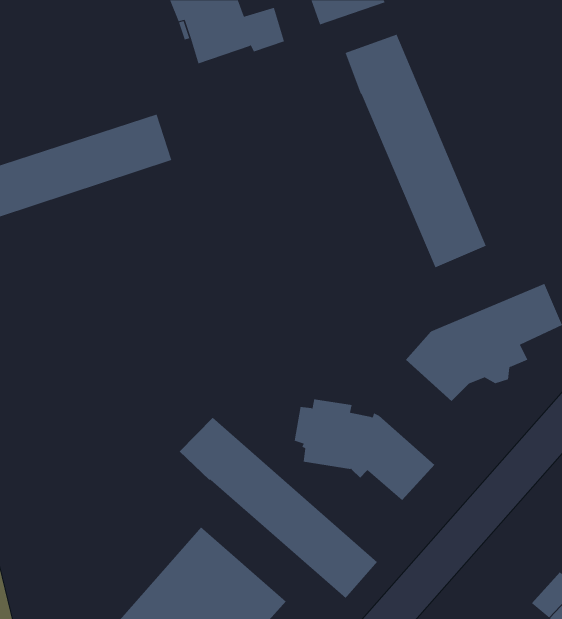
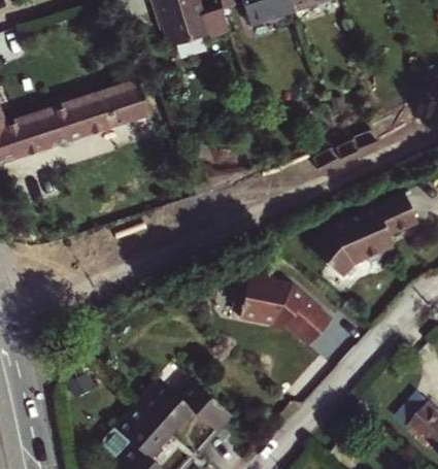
building: [345,34,486,268] -> none
building: [179,417,378,599] -> none

